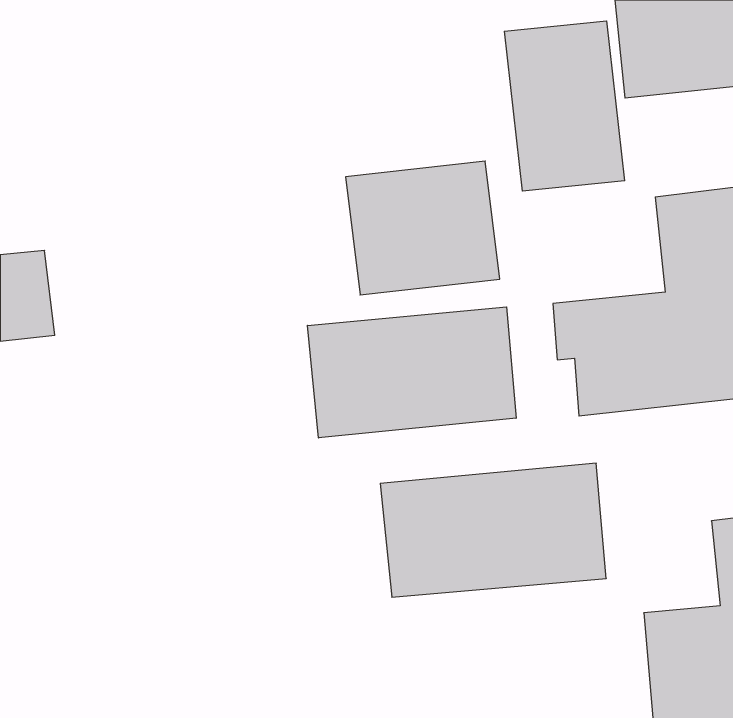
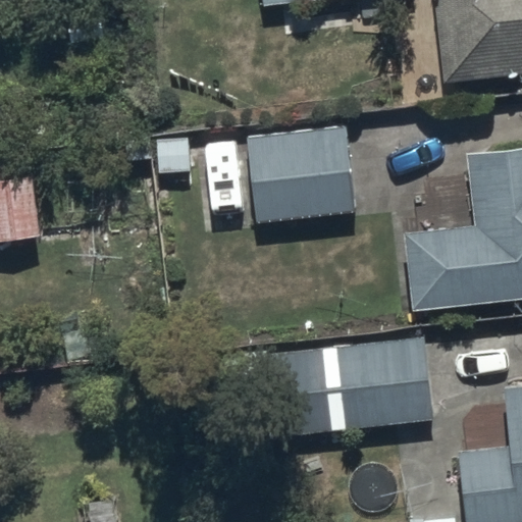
building: [504,21,625,191] -> none
building: [307,307,516,438] -> none

